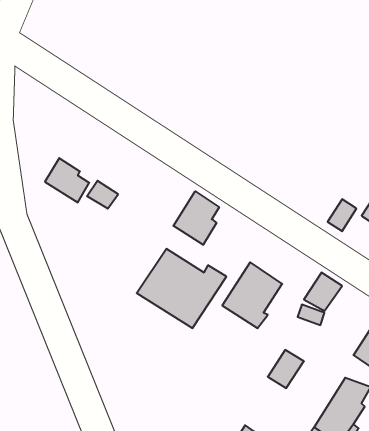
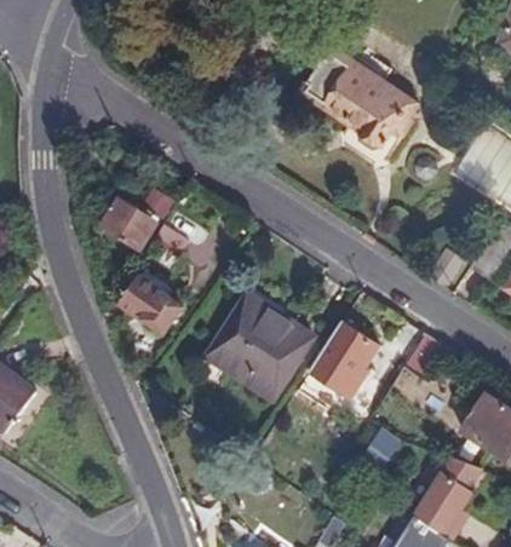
building: none -> [303,39,420,145]
building: [173,191,219,245] -> none
building: none -> [120,278,180,335]

